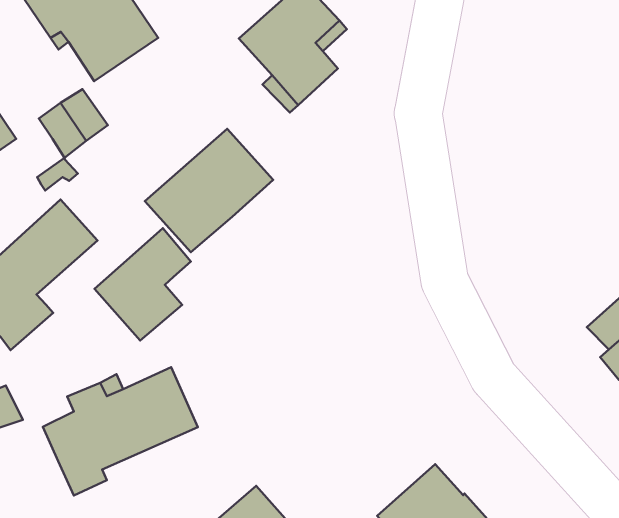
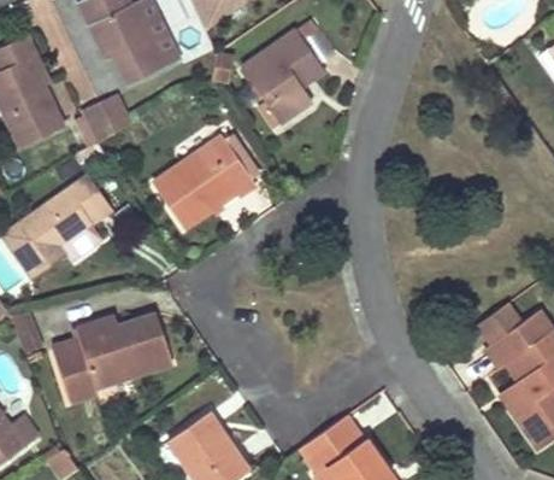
building: [95,228,191,341] -> none

